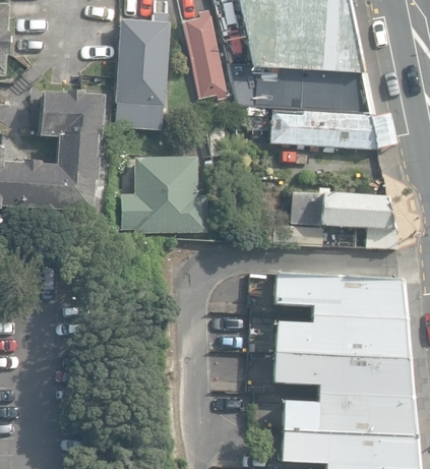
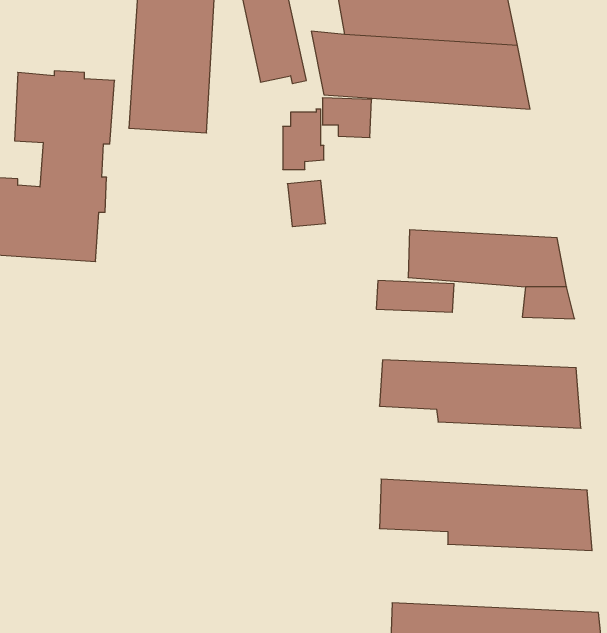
building: [271,108,397,146] -> none
building: [121,155,208,231] -> none
building: [275,314,408,358] -> none
building: [283,393,415,436] -> none

